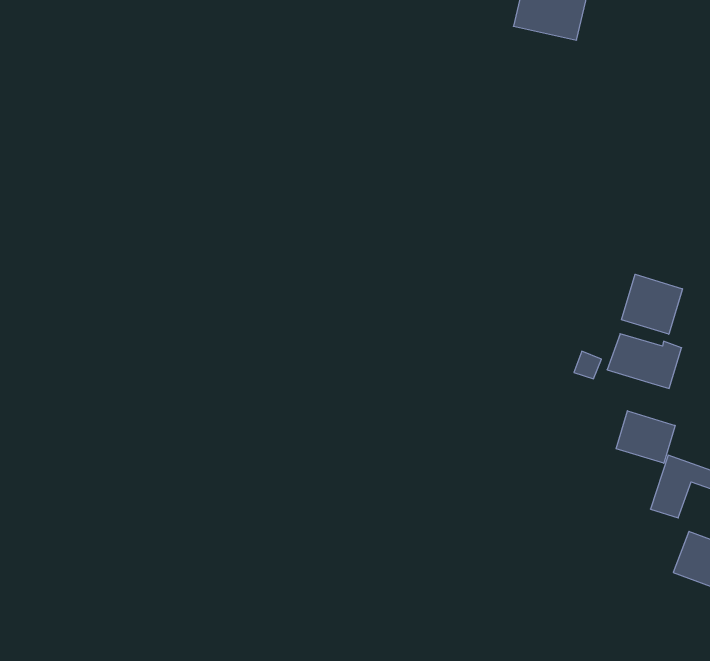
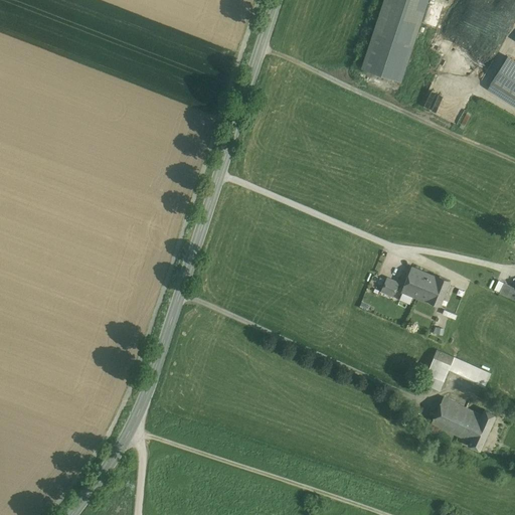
building: [622,274,682,334] -> none
building: [616,411,675,463] -> none

